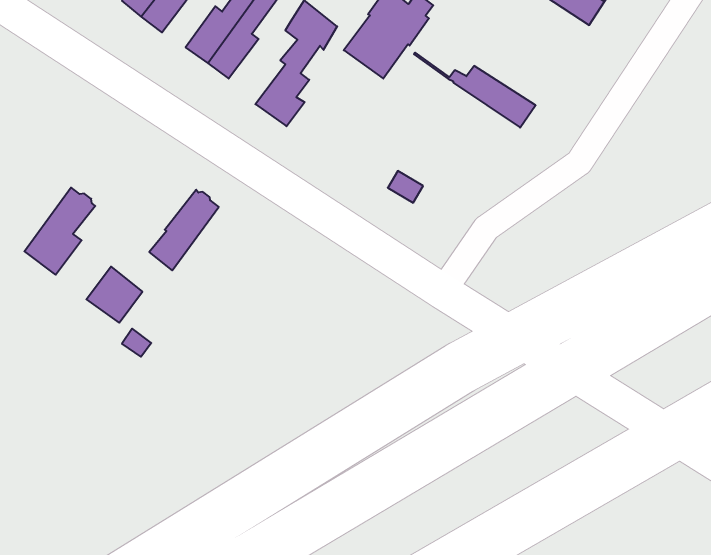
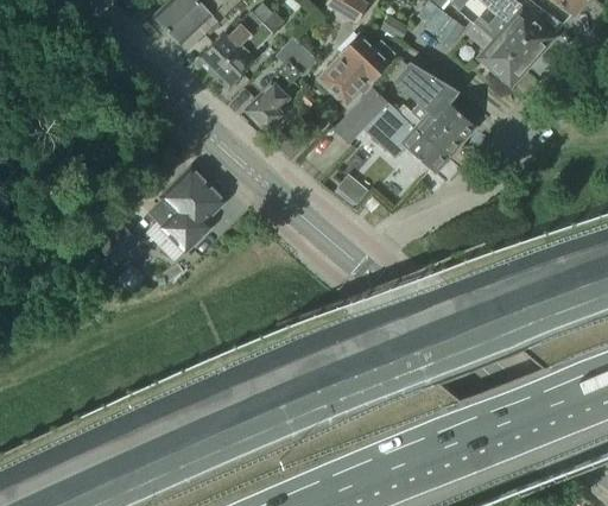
building: none -> [394,62,475,140]
building: none -> [334,88,446,172]
building: [24,188,95,275] -> [164,184,223,249]

